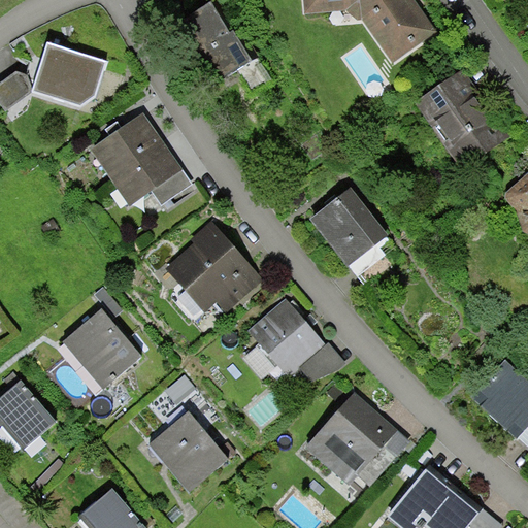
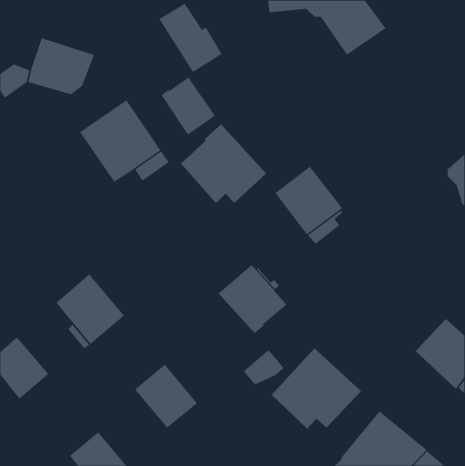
building: [415,71,506,160] -> none
building: none -> [161,76,215,135]
building: [164,223,262,314] -> [180,124,267,204]
building: [298,342,345,383] -> [243,349,285,385]

